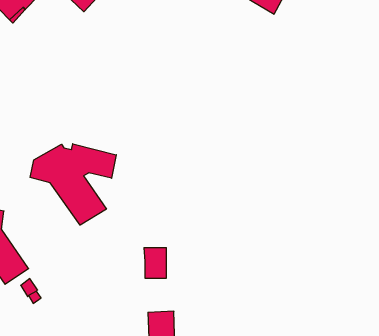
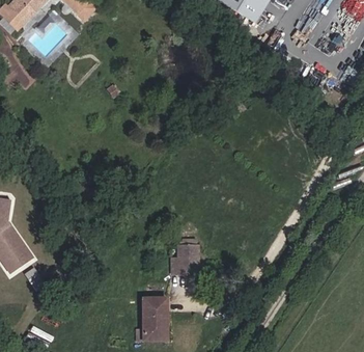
building: [30,144,116,225] -> none
building: [144,248,166,278] -> [177,244,198,272]

